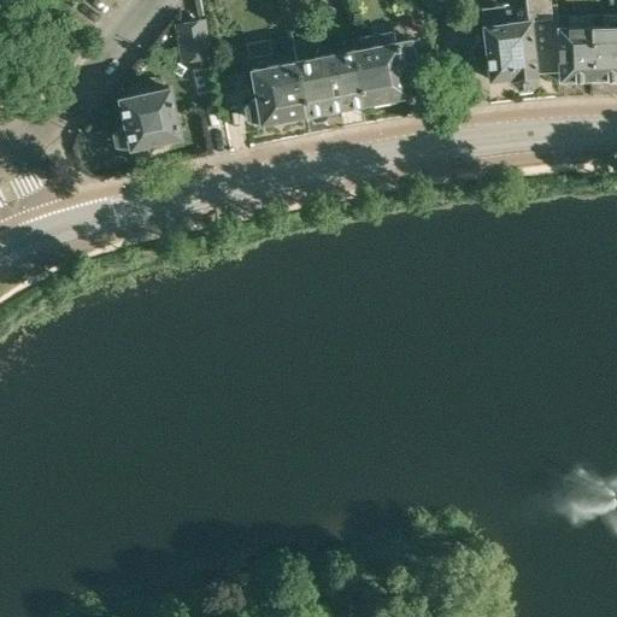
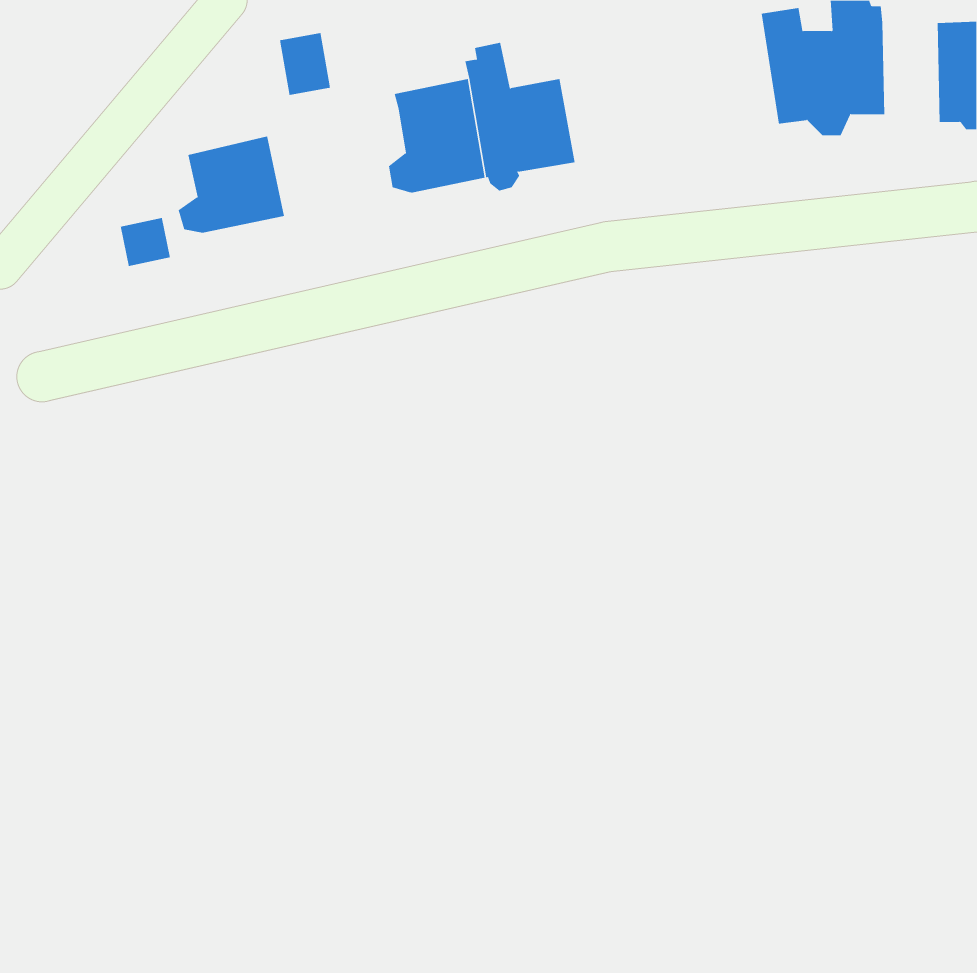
building: [557,17,592,80] -> none
building: [352,33,418,105] -> none
building: none -> [120,217,170,267]

